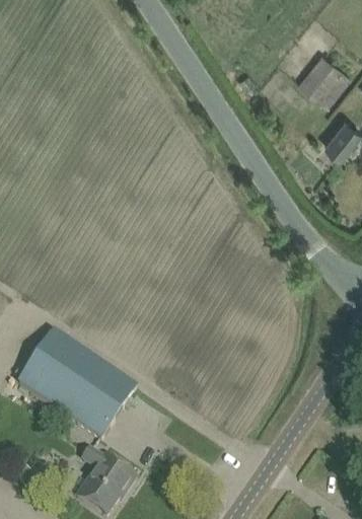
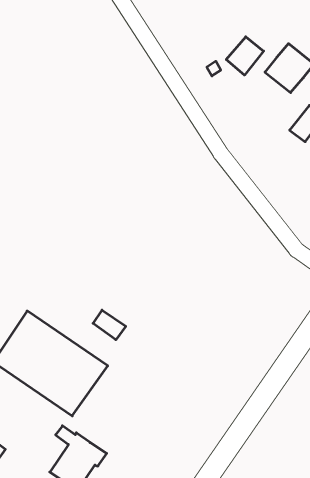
building: none -> [226,37,264,75]
building: none -> [93,310,126,340]

